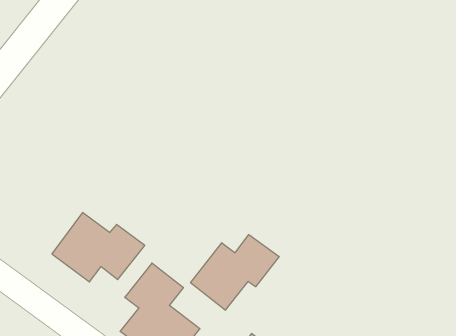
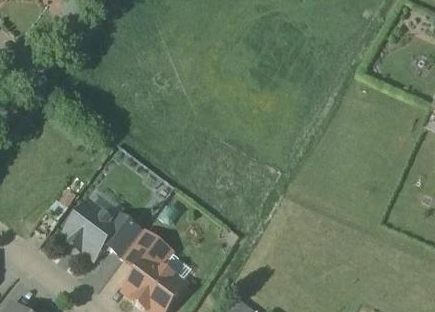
building: [191,235,279,310] -> none

